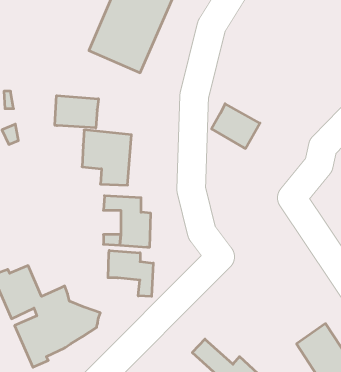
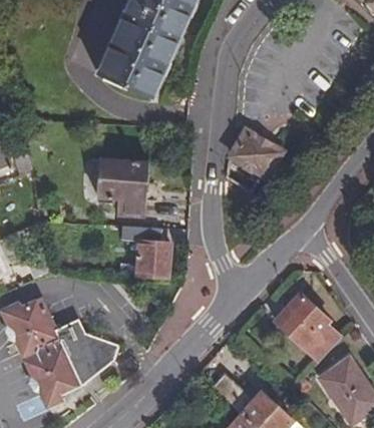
building: [55,96,98,128] -> none
building: [108,250,153,296] -> none
building: none -> [275,292,340,361]

